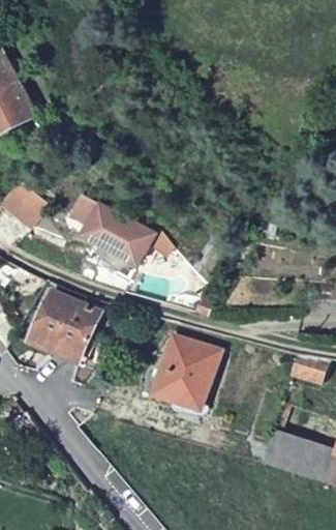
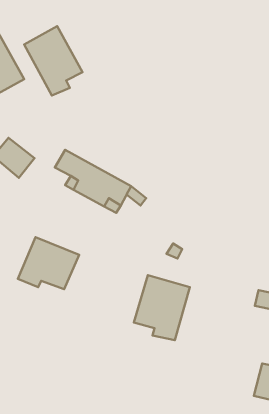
building: none -> [24,26,83,96]
building: [268,430,300,471] -> none

